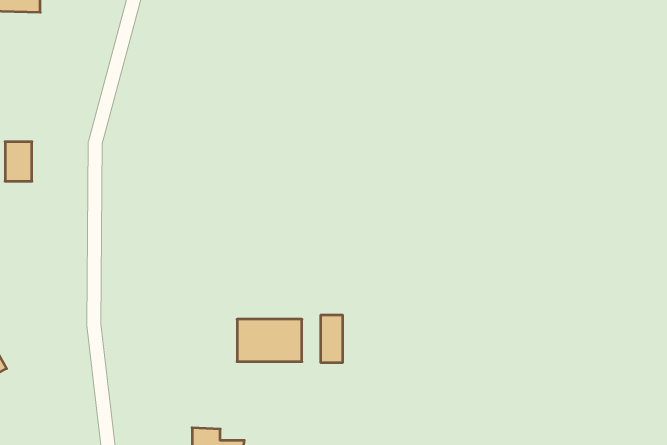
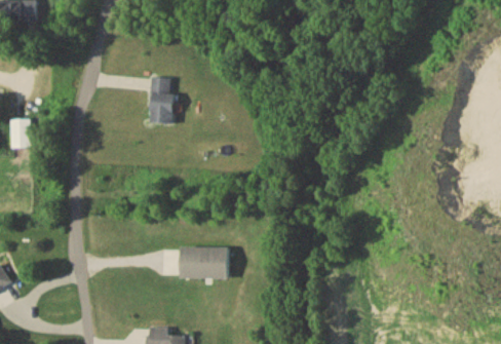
building: none -> [150,75,174,122]
building: [321,315,342,363] -> none

